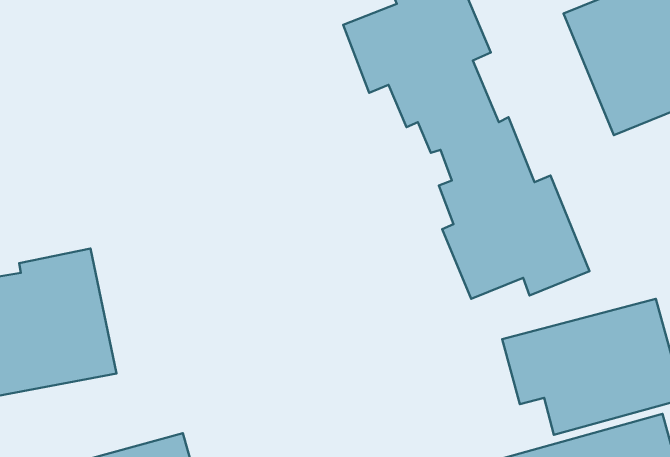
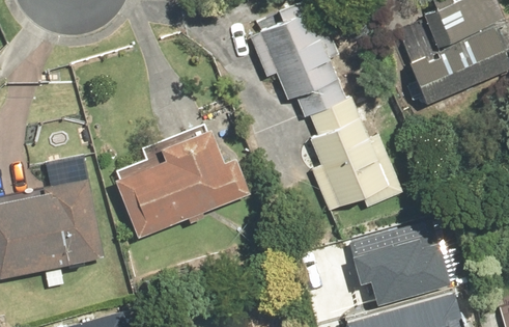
building: none -> [113,131,248,240]

